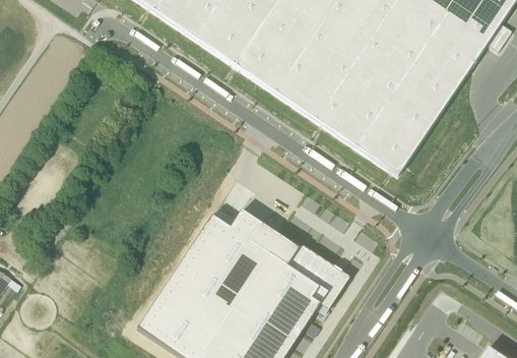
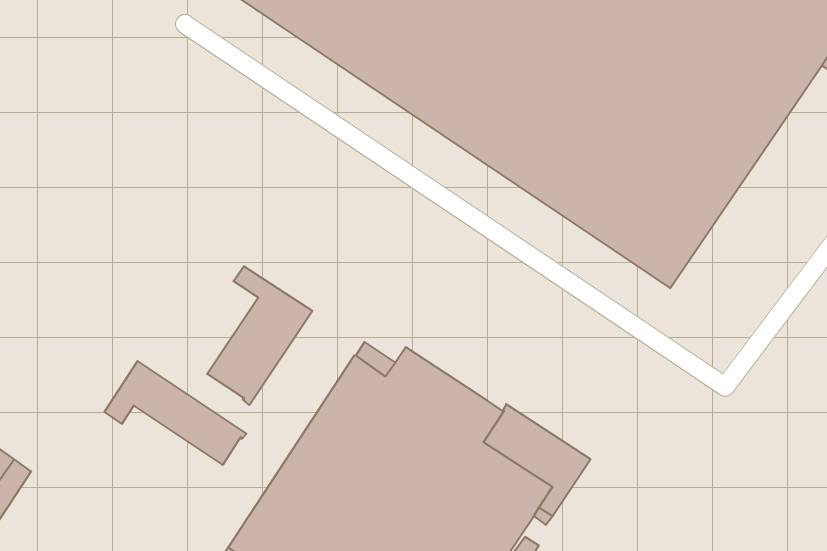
building: none -> [207,266,312,405]
building: none -> [105,361,246,465]

